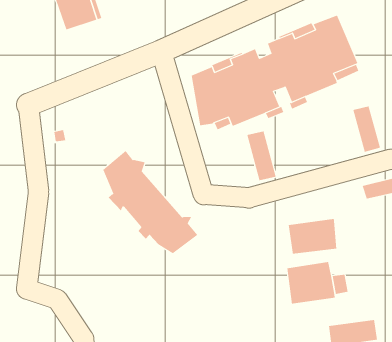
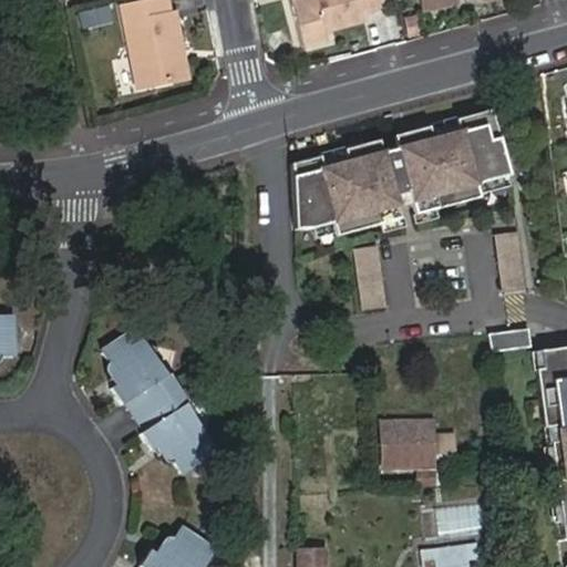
building: [102,150,198,254] -> [96,324,207,465]
building: [288,218,337,255] -> none

